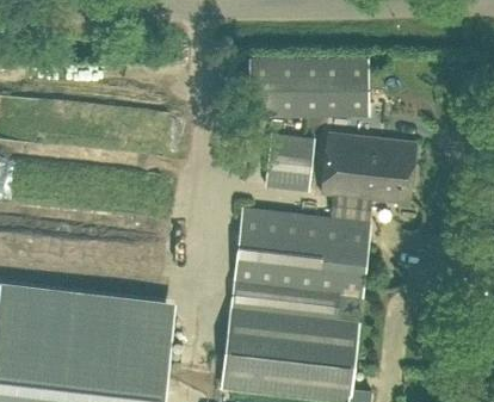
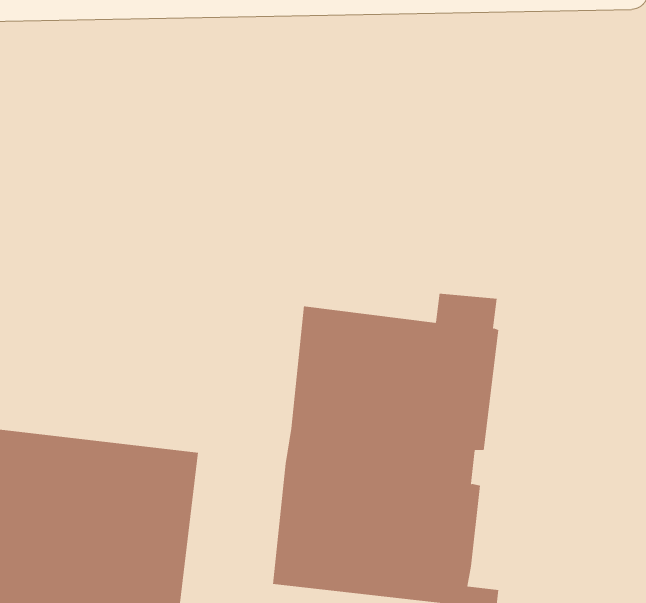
building: [249,58,369,116] -> none
building: [265,135,416,206] -> none

